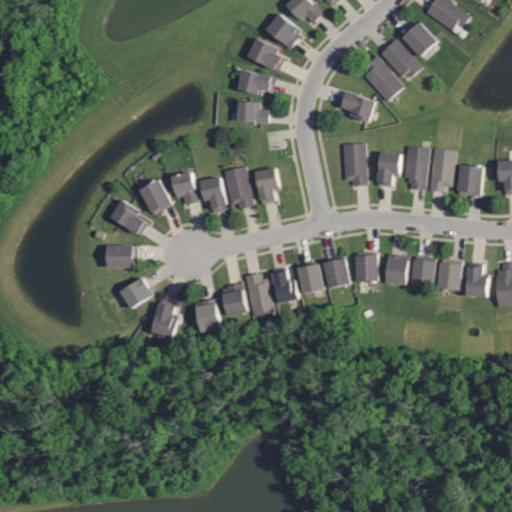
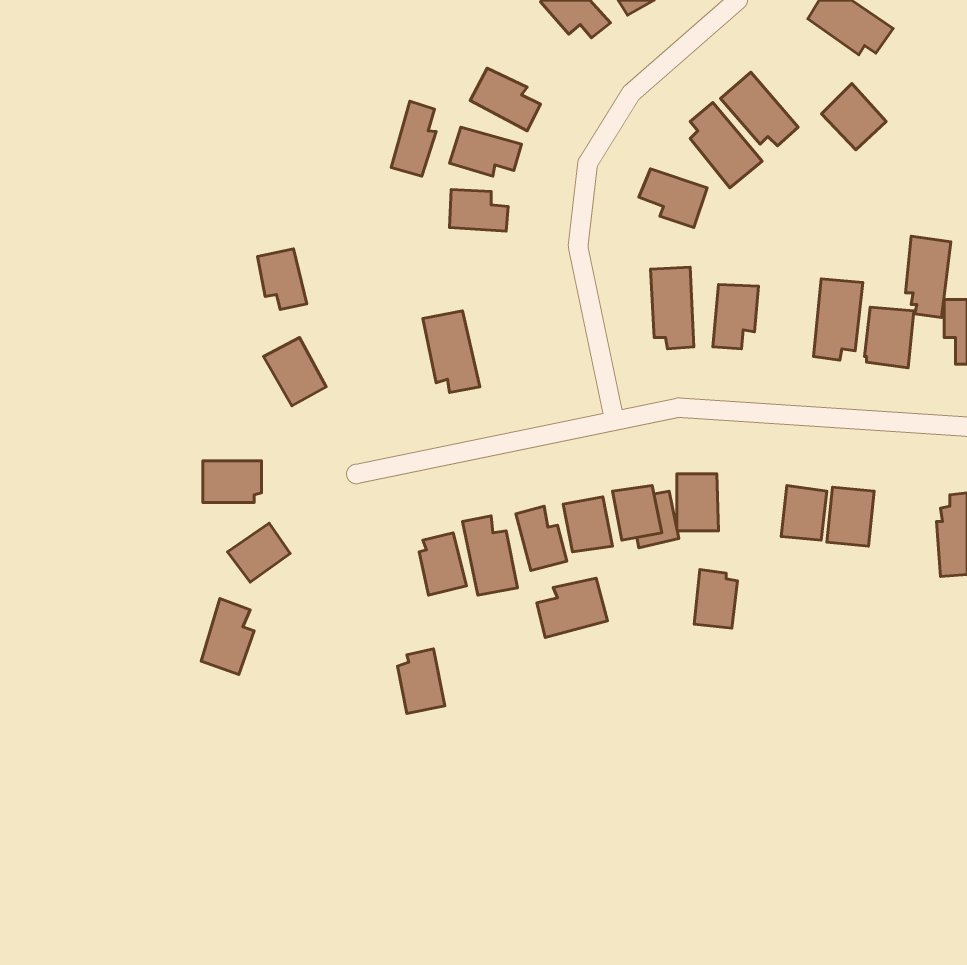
building: [266,14,300,47] -> none
building: [401,22,435,57] -> [822,83,886,150]
building: none -> [391,101,436,176]
building: [404,146,428,189] -> [905,236,951,318]
building: [254,167,279,204] -> none
building: [172,173,198,205] -> [257,249,307,310]
building: [201,177,226,213] -> none
building: [111,200,149,237] -> none
building: [387,254,410,285] -> [694,569,738,628]
building: [464,264,487,298] -> none
building: [195,298,220,332] -> [397,649,445,713]
building: [150,299,178,339] -> [201,599,254,674]
building: none -> [537,578,608,638]

